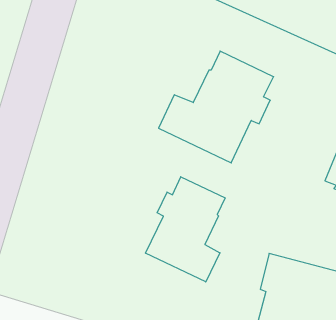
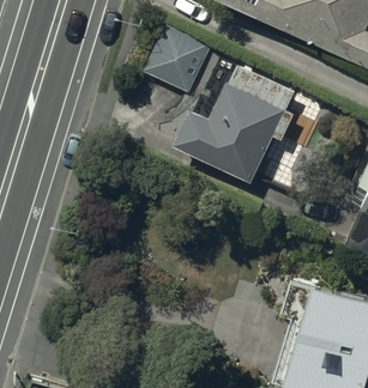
building: none -> [141,28,209,93]
building: [146,177,225,282] -> none

